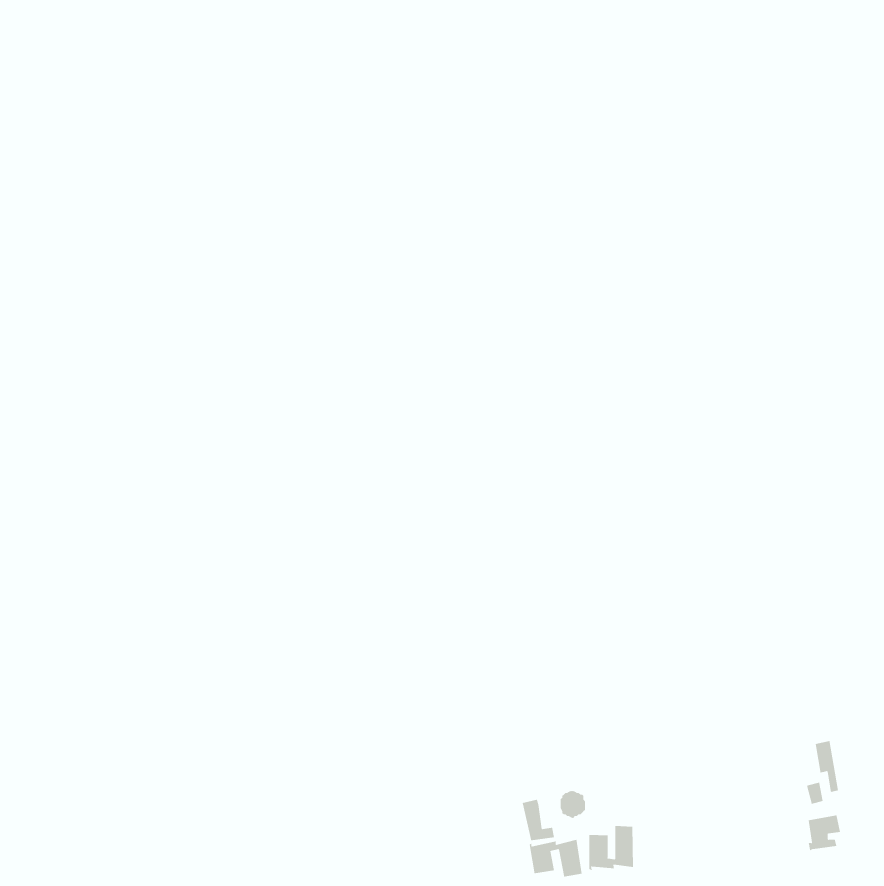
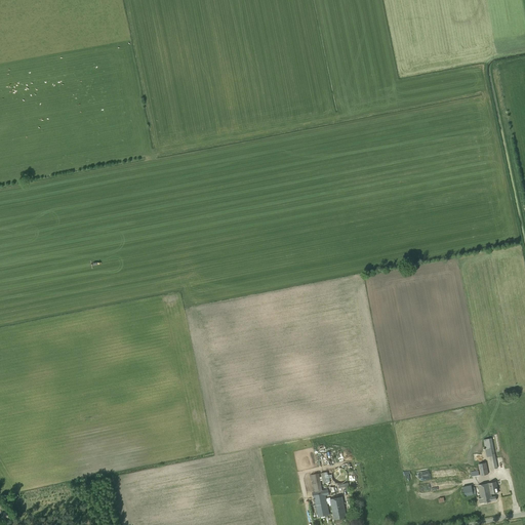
building: [589,825,634,871] -> none

